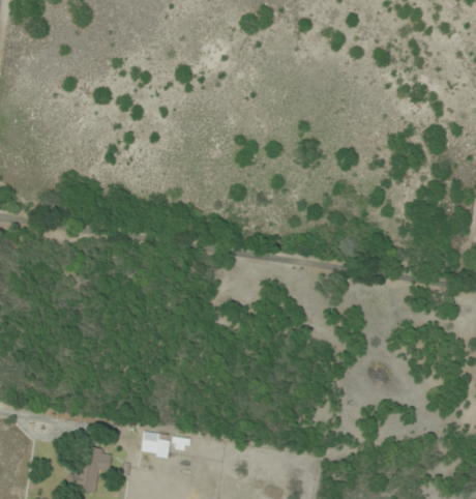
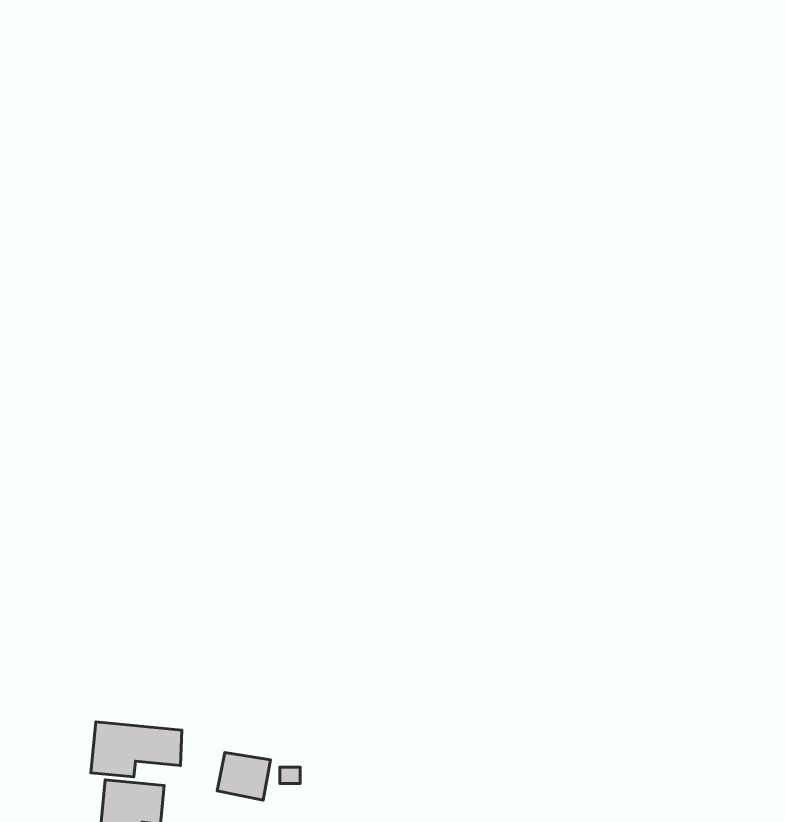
building: none -> [91,722,182,777]

